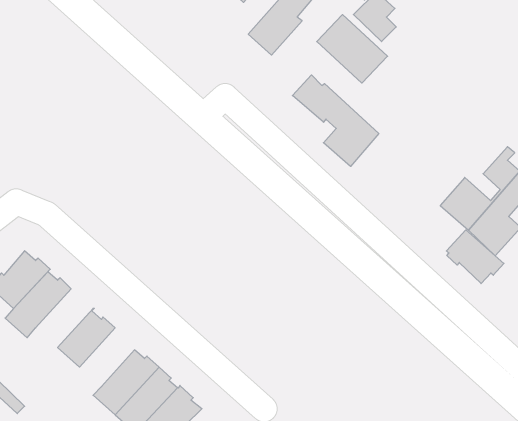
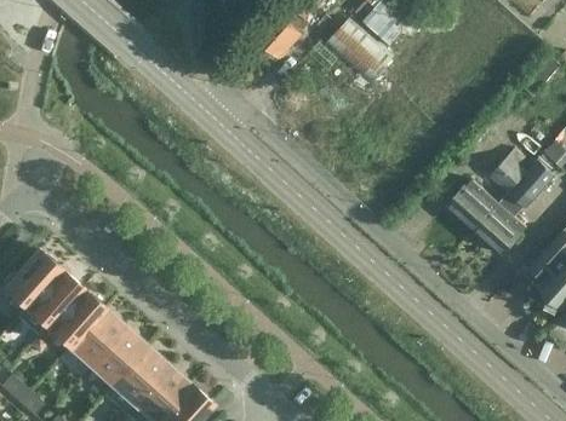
building: [292,75,379,166] -> none
building: [446,230,504,284] -> none
building: none -> [46,288,103,346]
building: none -> [90,327,144,385]

